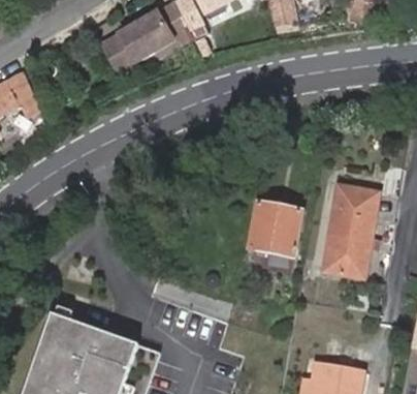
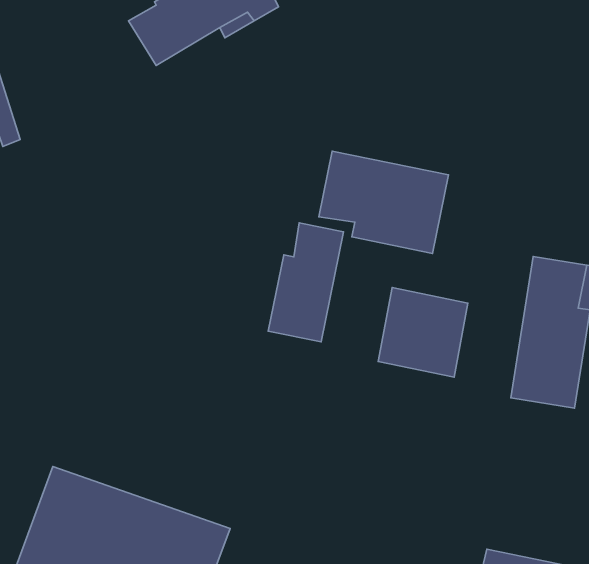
building: none -> [319,151,448,253]
building: none -> [268,223,344,342]

